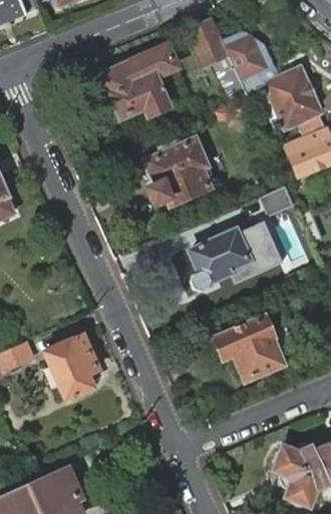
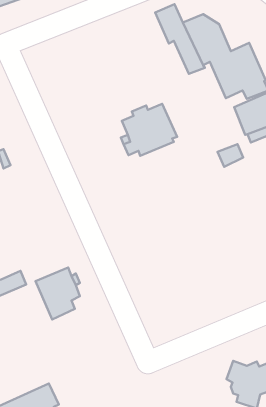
building: [99,45,177,116] -> none
building: [190,220,281,289] -> none
building: [217,317,282,378] -> none

